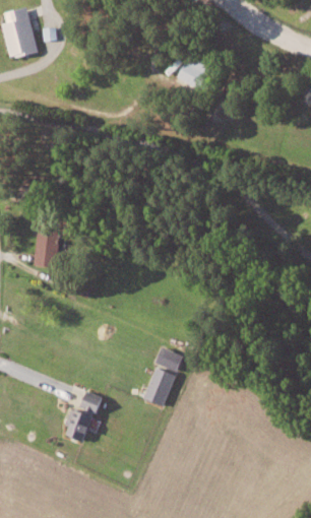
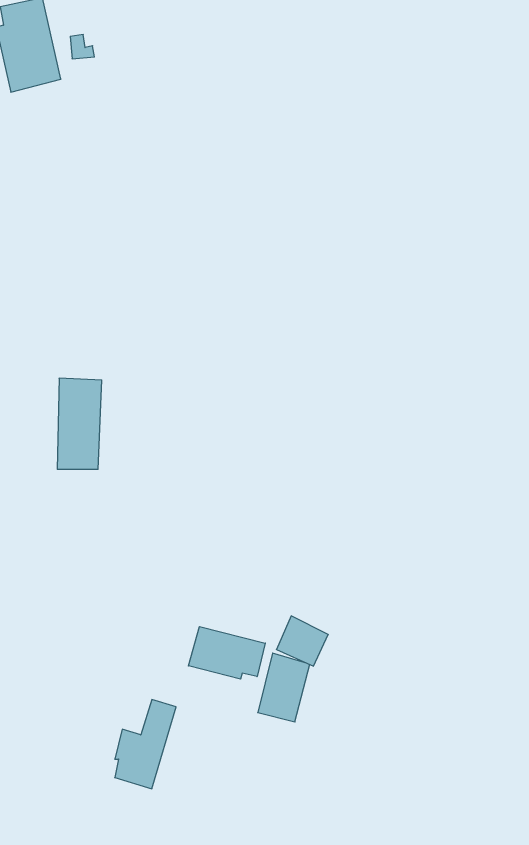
building: [177,57,210,90] -> none
building: none -> [188,627,265,679]

